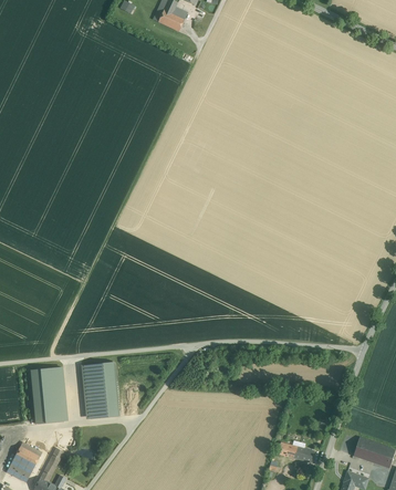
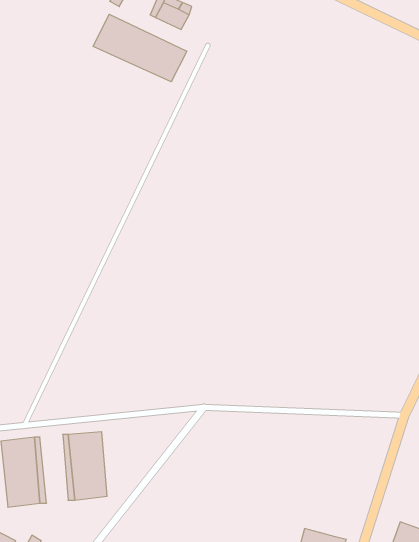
building: none -> [93,14,187,82]

